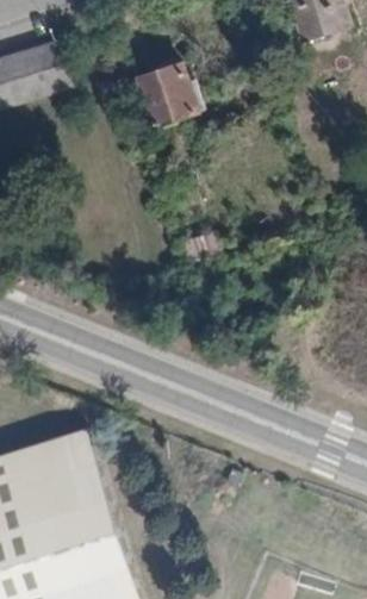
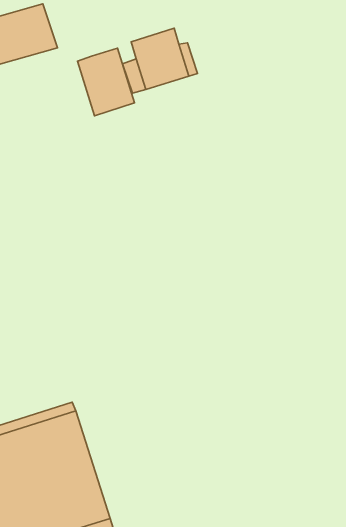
building: none -> [77,48,135,116]

